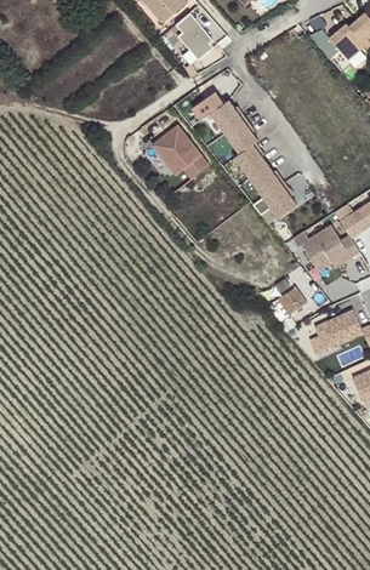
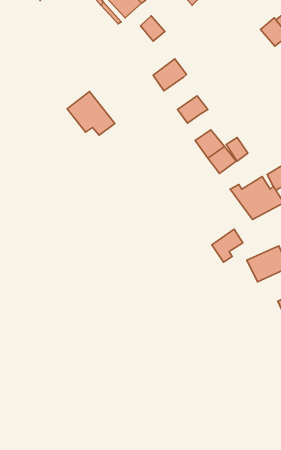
building: [209,97,250,137] -> none
building: [150,122,210,177] -> [67,91,115,135]
building: [234,143,267,176] -> none

